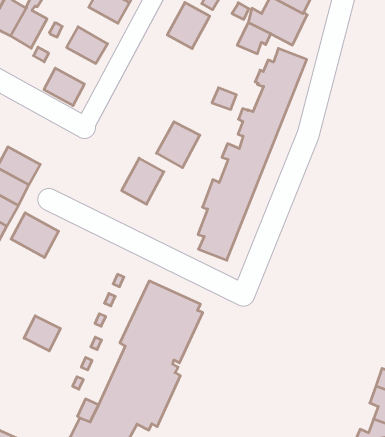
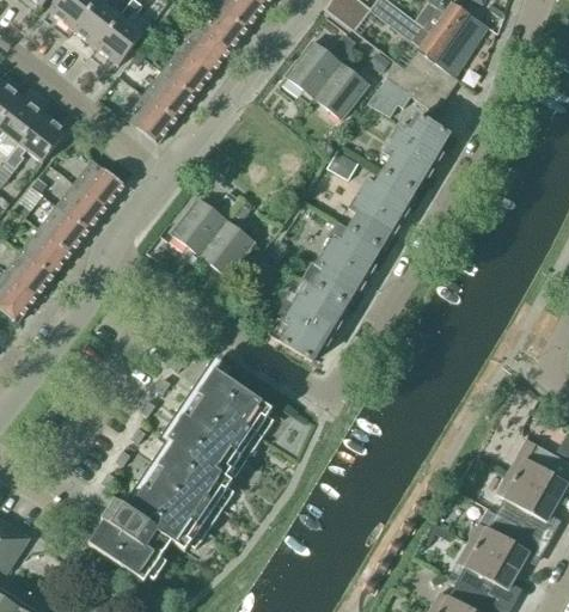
building: none -> [178,26,227,74]
building: none -> [312,61,368,118]
building: none -> [142,71,192,118]
building: [156,122,200,168] -> [170,197,226,255]
building: none -> [69,155,123,207]
building: [11,213,59,258] -> none
building: [24,316,60,351] -> none

